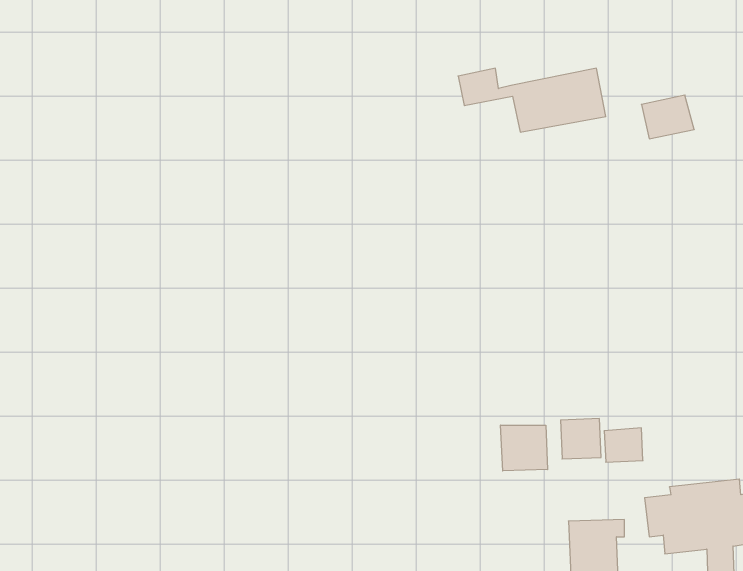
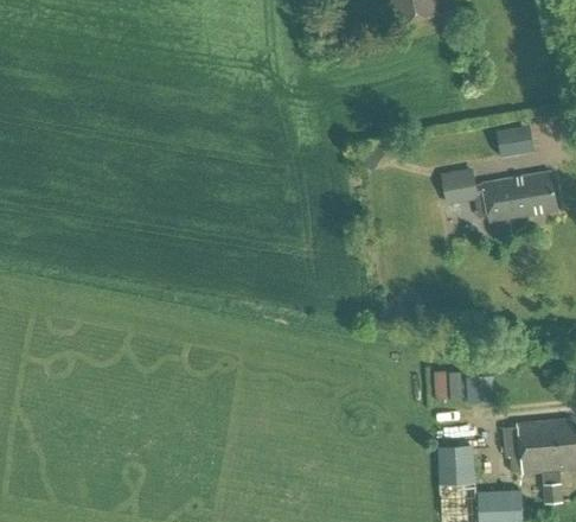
building: [458,68,606,132] -> [441,172,553,221]
building: [501,425,548,471] -> none

